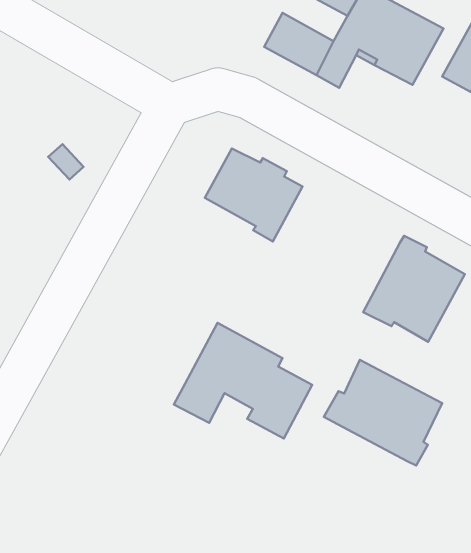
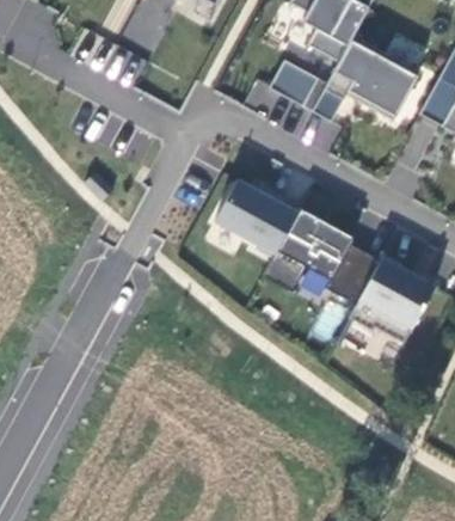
building: [174,323,312,438] -> [265,202,382,300]
building: [324,360,442,465] -> none

